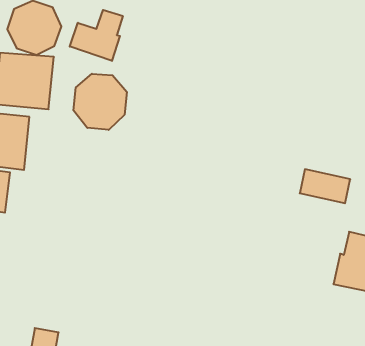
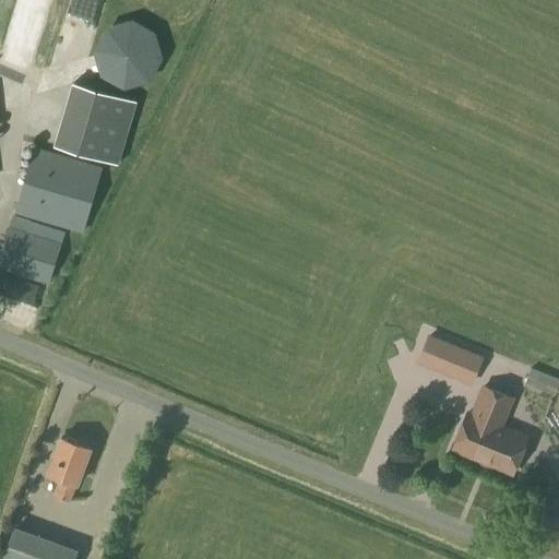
building: [70,10,123,61] -> none
building: [74,74,127,130] -> none
building: [300,169,350,203] -> [414,333,481,385]

